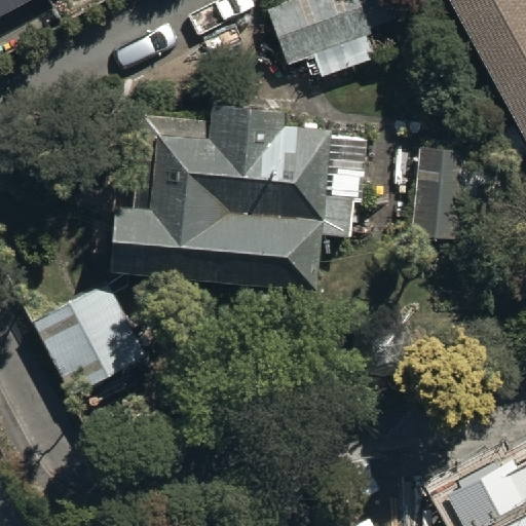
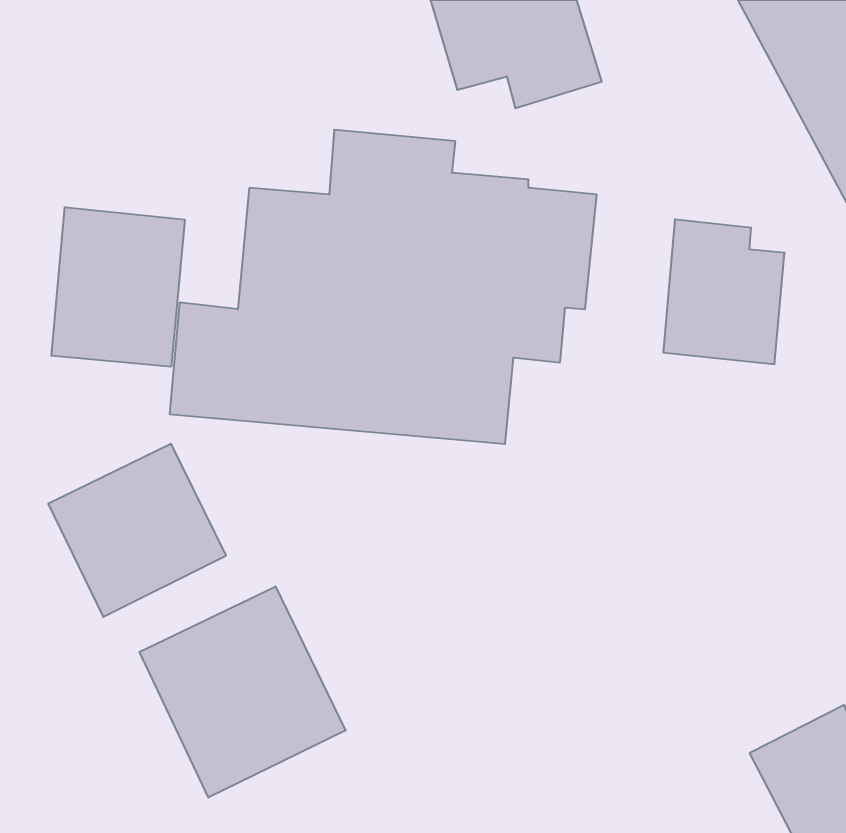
building: none -> [52,207,185,367]
building: none -> [140,586,346,798]

